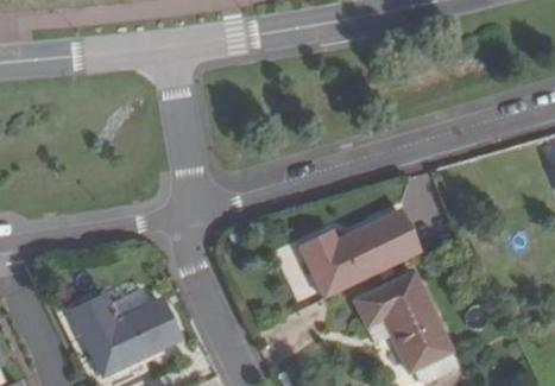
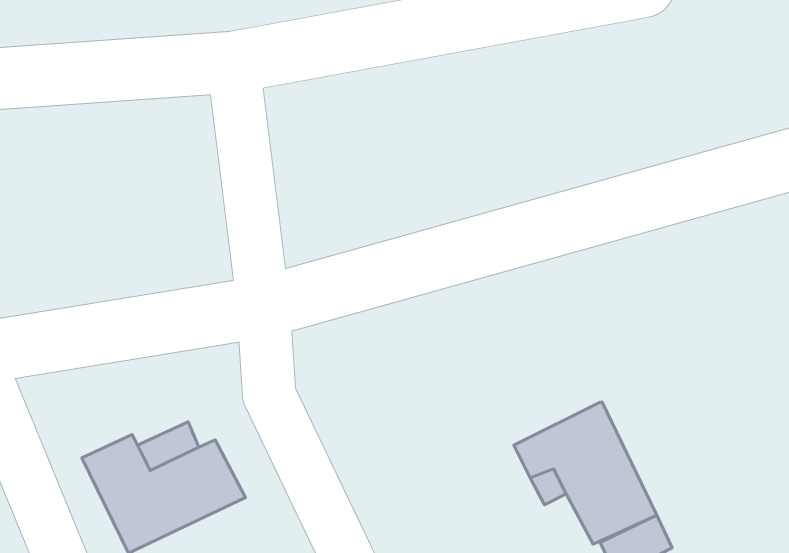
building: [301,214,421,297] -> none

